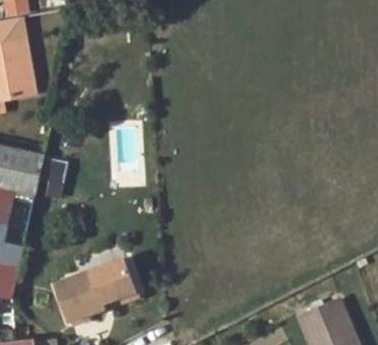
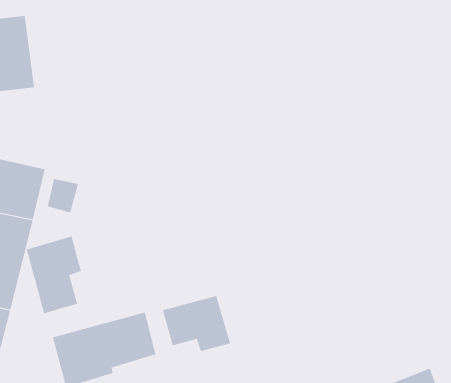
building: none -> [26,235,81,314]
building: none -> [162,295,231,352]

